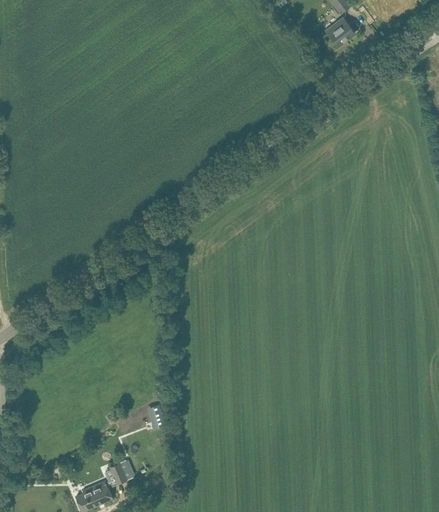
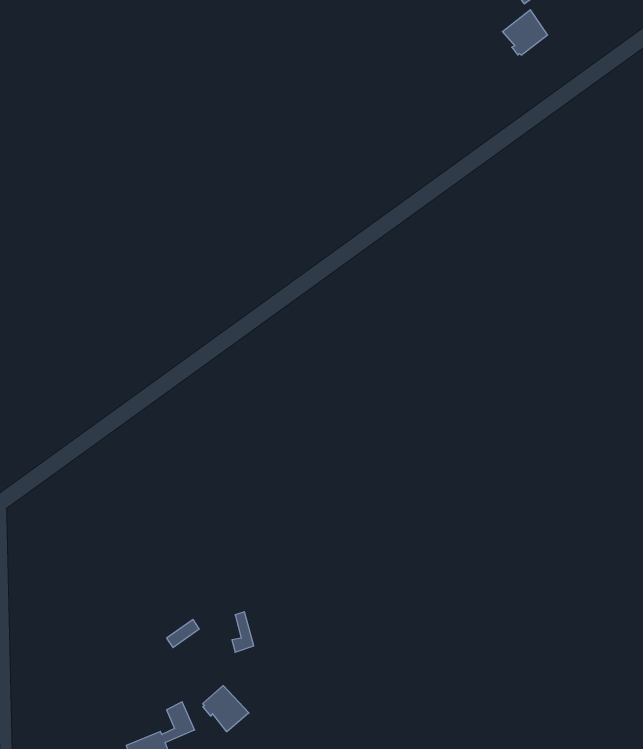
building: none -> [203,686,249,732]

